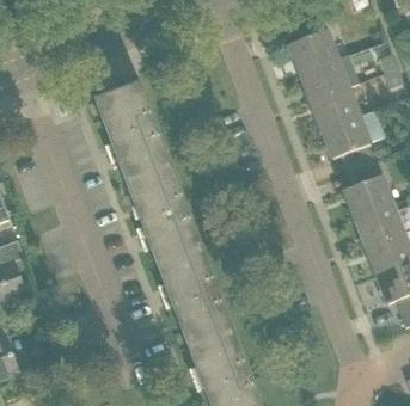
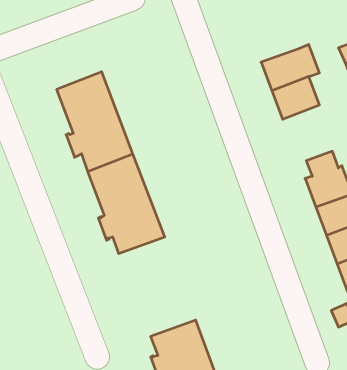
building: [289,14,337,72] -> none
building: [322,115,372,171] -> none
building: [157,247,234,347] -> none

